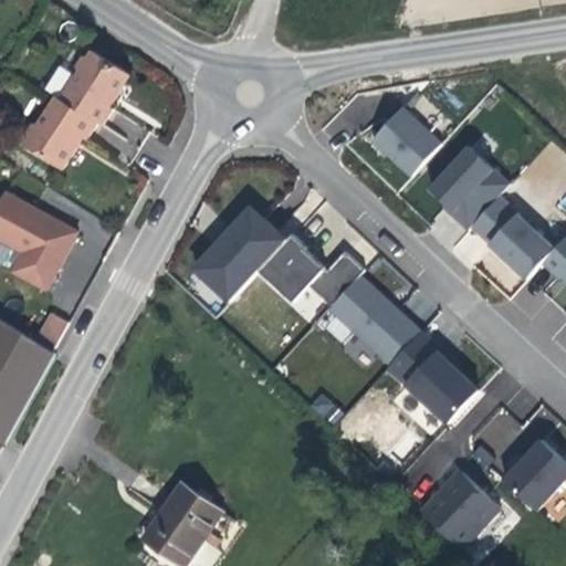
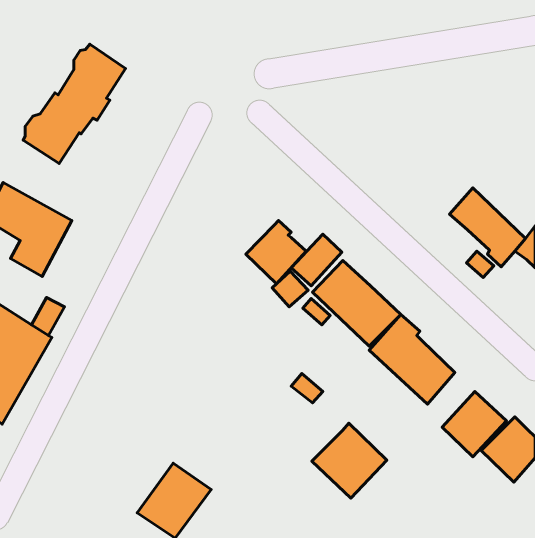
building: [370,104,439,174] -> none
building: [430,147,509,229] -> none
building: [193,203,287,297] -> none
building: [419,471,497,549] -> [312,423,387,498]

